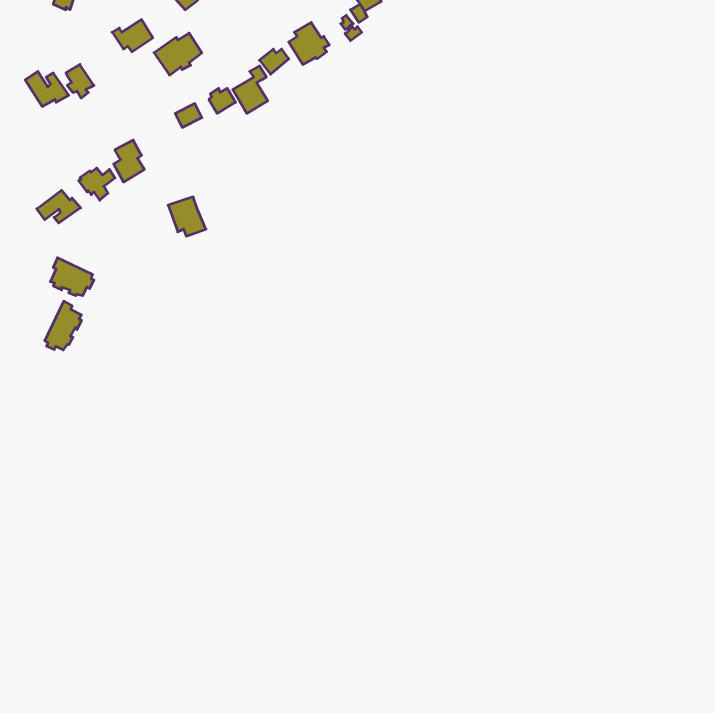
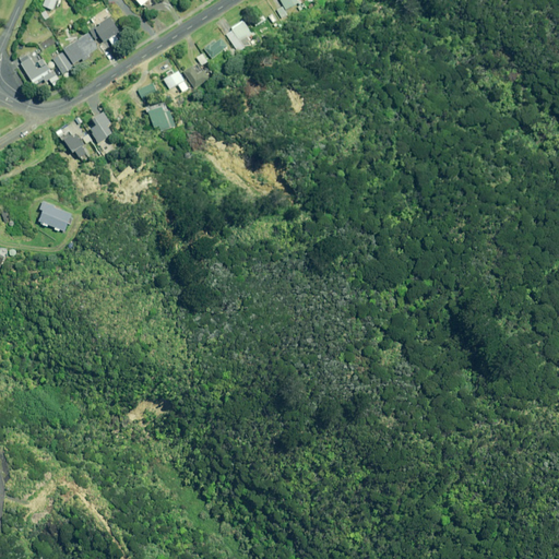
building: [154,33,202,75] -> [61,31,98,63]
building: [37,190,81,223] -> none
building: [168,197,206,236] -> [145,99,175,130]
building: [45,301,81,350] -> none

